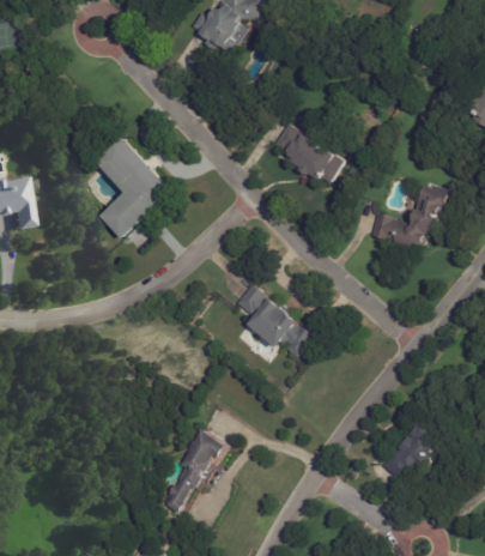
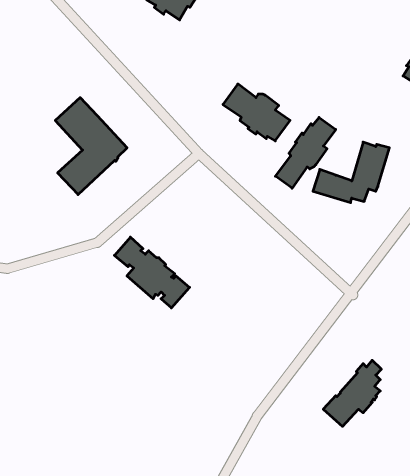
building: none -> [275,117,336,188]
building: [235,283,314,357] -> [114,237,190,308]
building: [163,430,229,514] -> none

